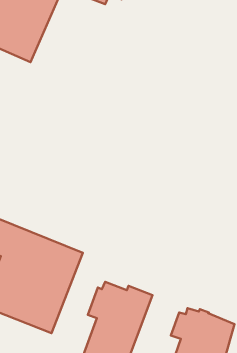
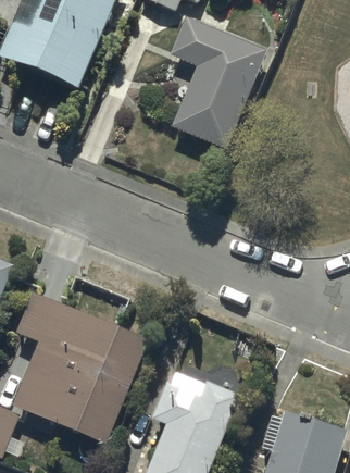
building: none -> [171,16,264,147]

